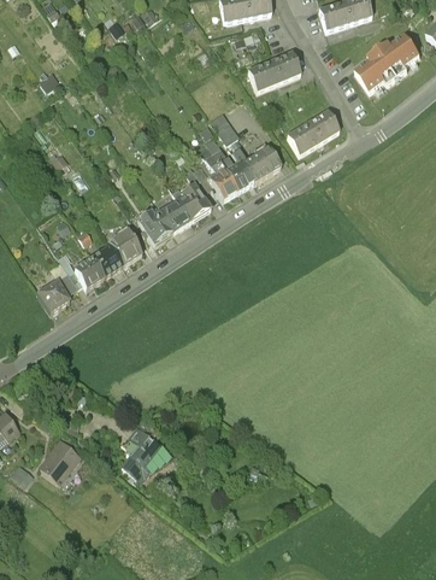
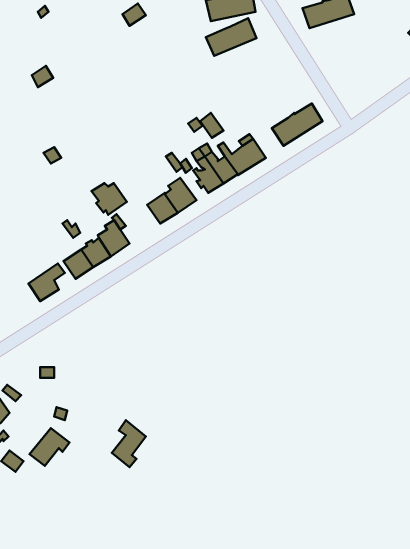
building: [354,33,419,89] -> none
building: [248,52,300,90] -> [206,18,256,56]
building: [136,211,172,244] -> [92,183,127,215]

